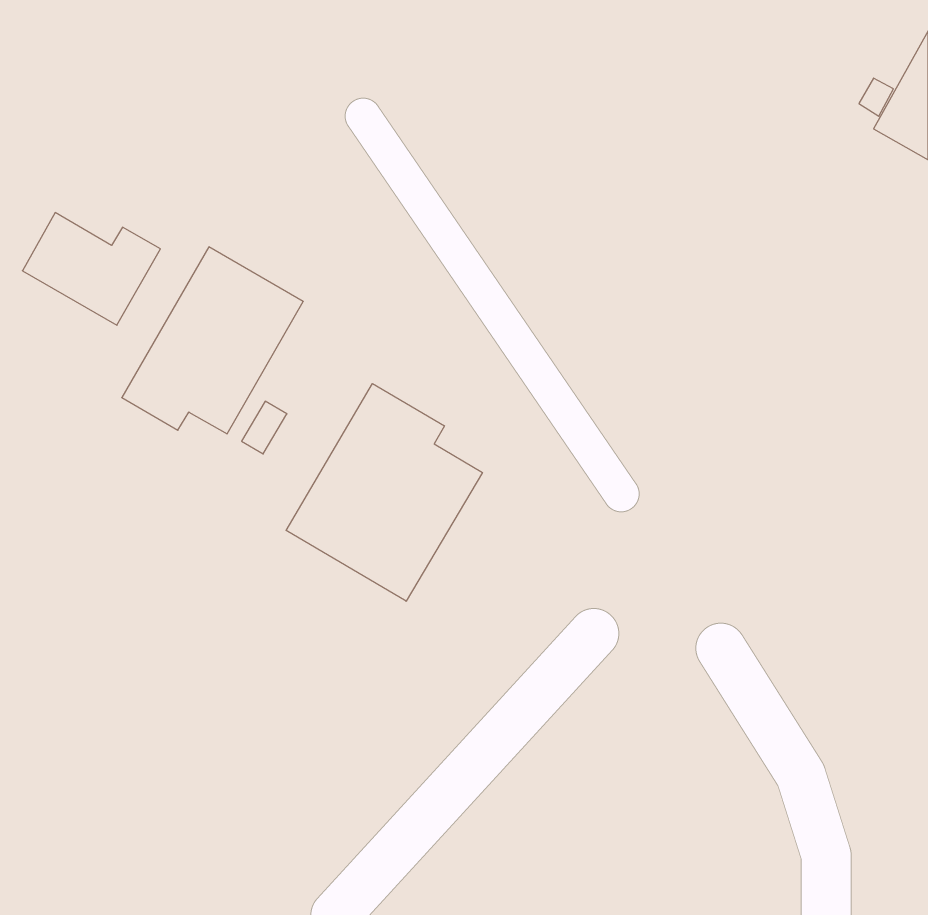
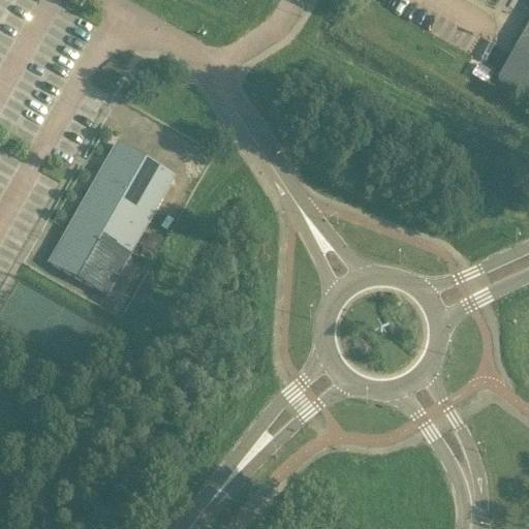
building: [22,213,160,325] -> [51,226,129,290]
building: [286,384,482,601] -> none

